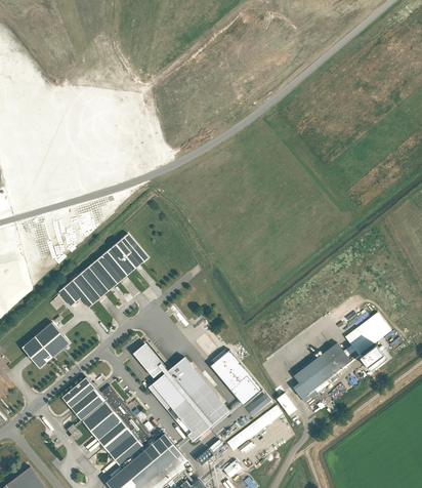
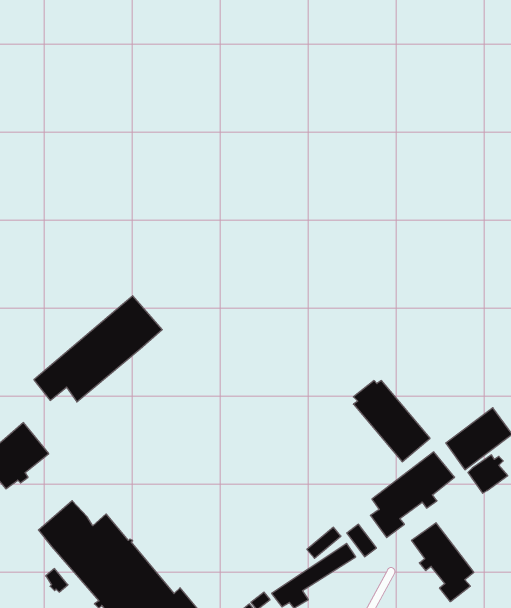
building: [136,345,228,441] -> none
building: [210,350,263,406] -> [353,381,430,462]
building: none -> [412,523,474,602]

